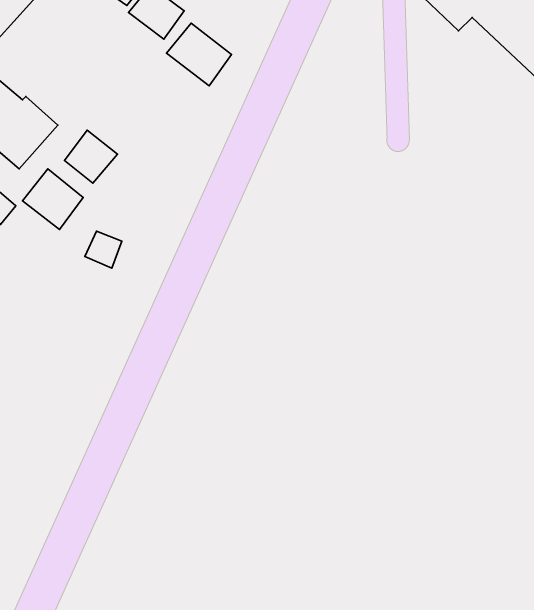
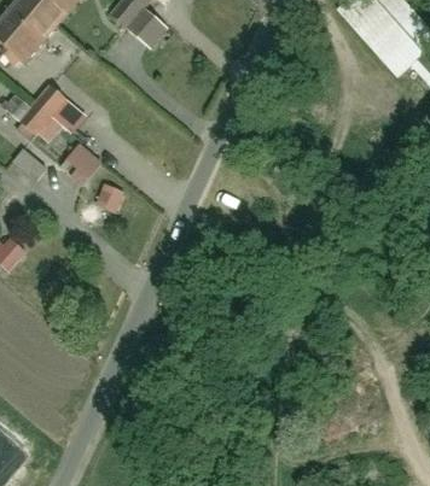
building: [166,23,232,86] -> none
building: [65,130,117,183] -> none

